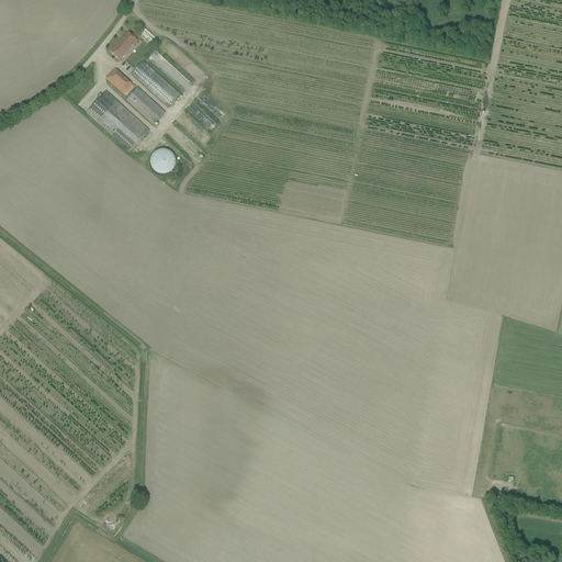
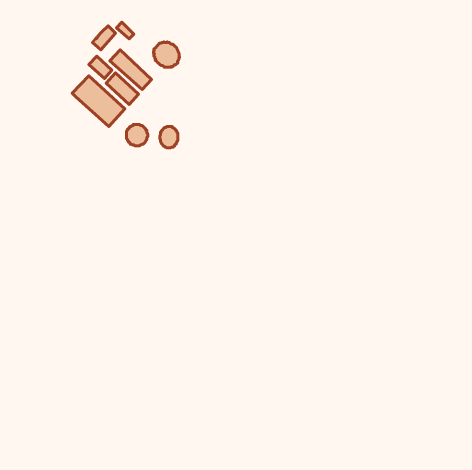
building: none -> [153,42,179,67]
building: none -> [160,127,178,148]

